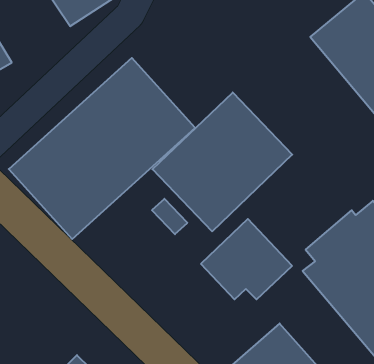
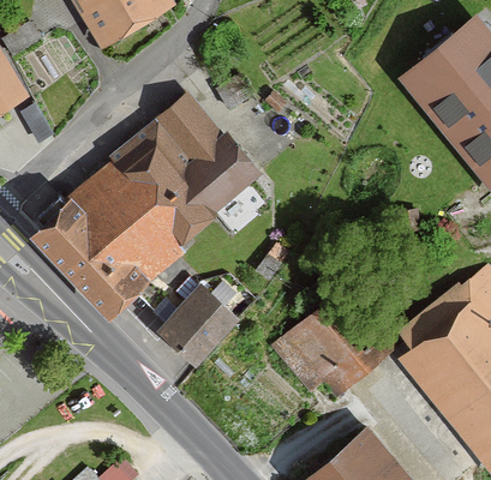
building: [152,92,292,231] -> none
building: none -> [156,283,240,367]

